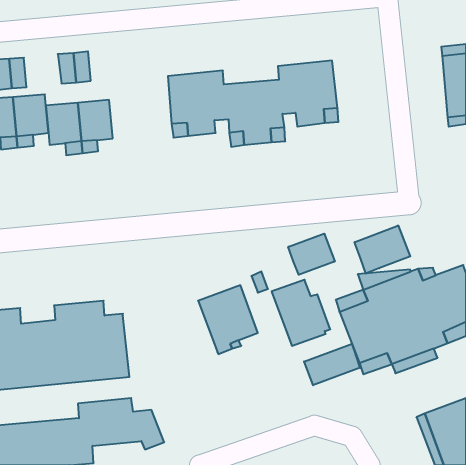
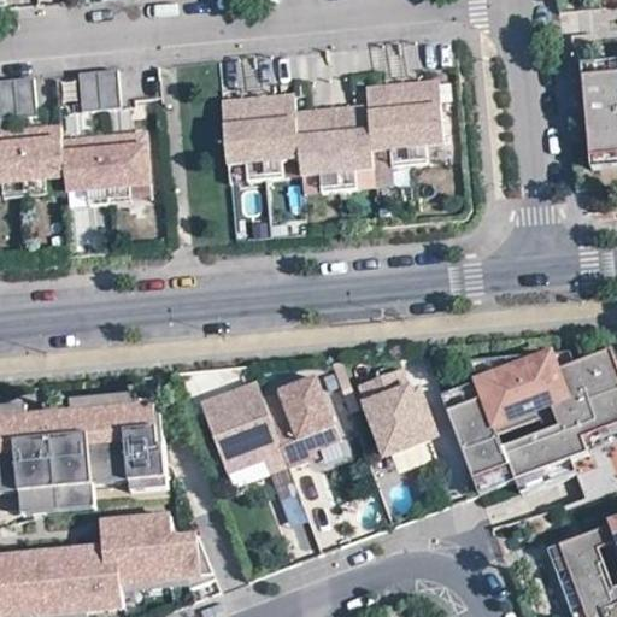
building: [355,225,410,274] -> none
building: [288,234,335,275] -> none
building: none -> [200,380,286,470]
building: [304,344,360,385] -> none

